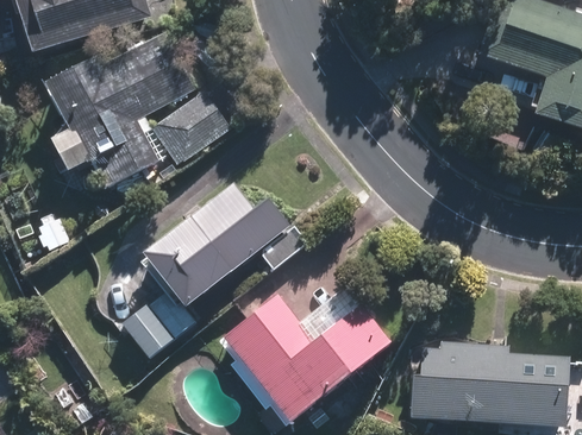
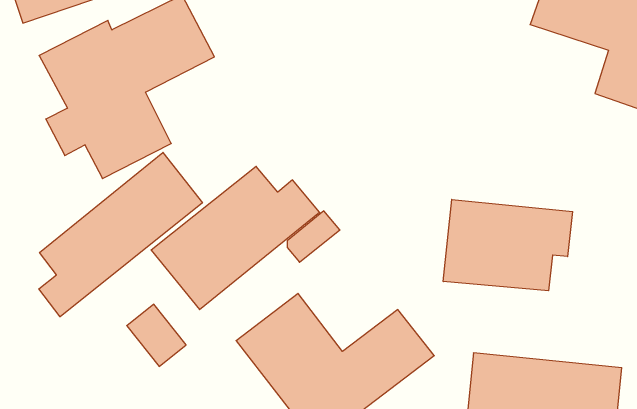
building: [155,88,231,160] -> none
building: none -> [39,152,202,317]
building: none -> [443,199,573,291]

